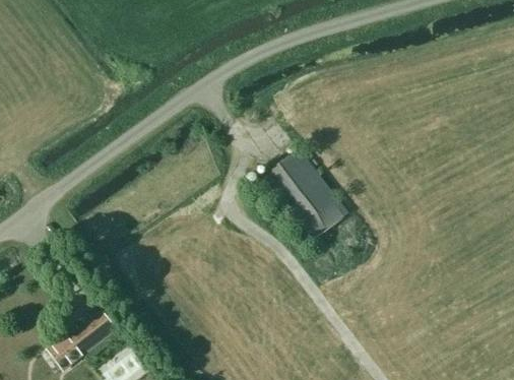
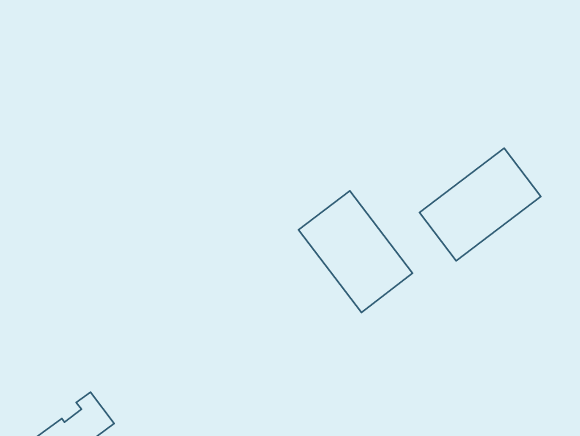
building: none -> [420,148,541,261]

